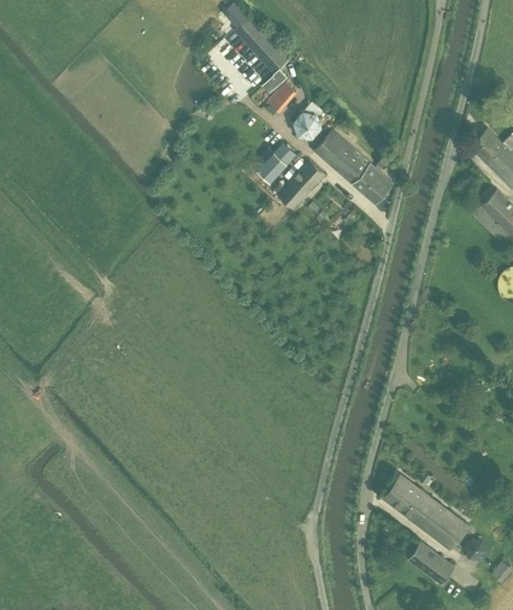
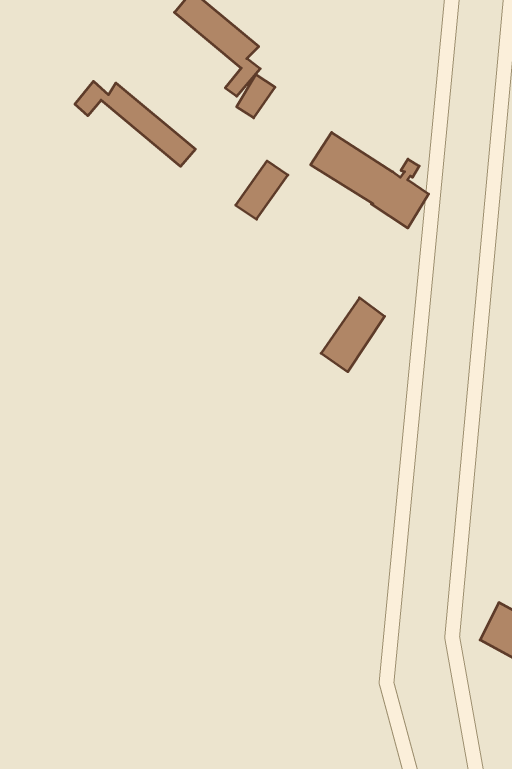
building: none -> [75,81,195,166]
building: [293,112,322,140] -> none
building: [277,160,325,211] -> [321,298,385,372]

